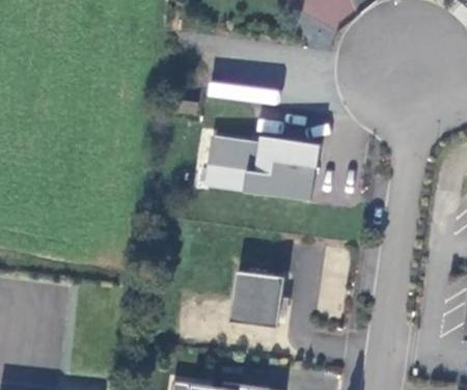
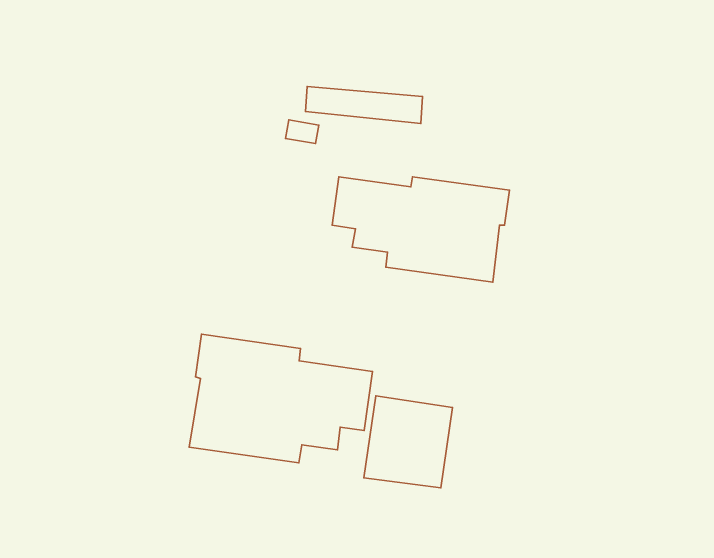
building: none -> [189,334,373,463]

